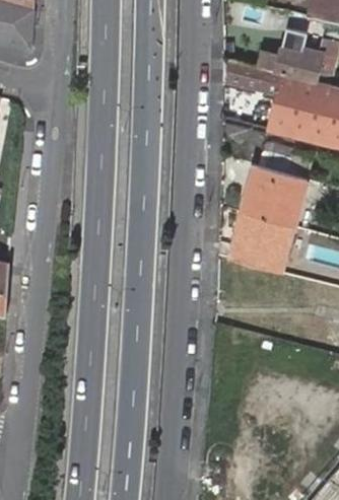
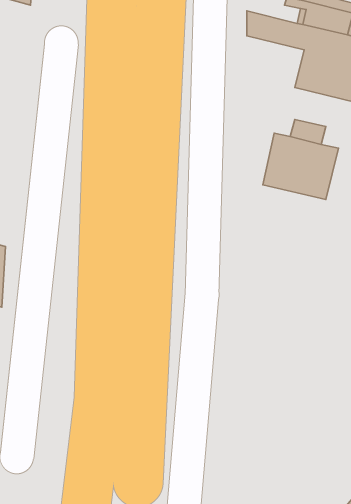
building: [226,213,293,274] -> none

